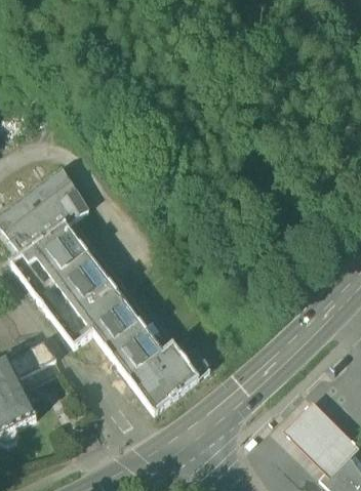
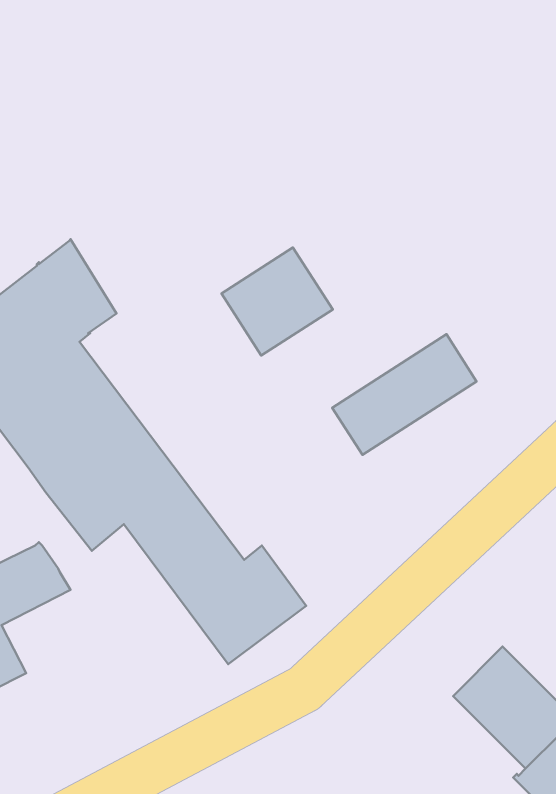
building: none -> [221,247,333,355]
building: none -> [332,334,477,455]

